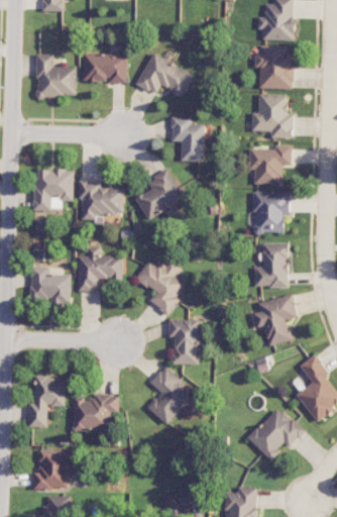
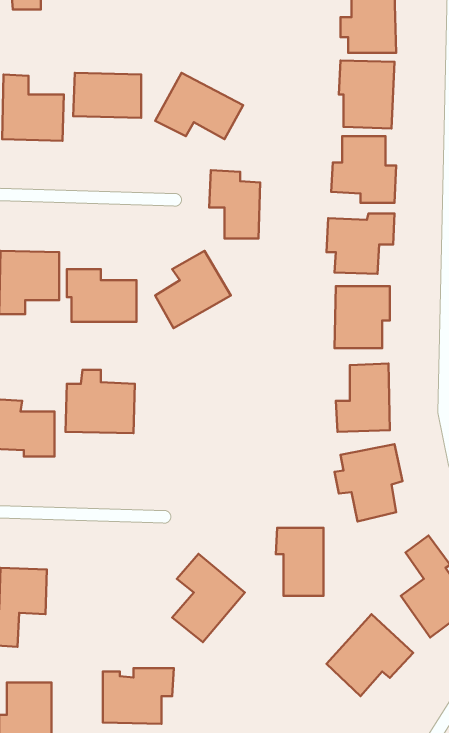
building: [135,261,185,316] -> none
building: [167,320,199,365] -> [276,528,324,596]
building: [73,395,119,431] -> [103,668,174,724]

